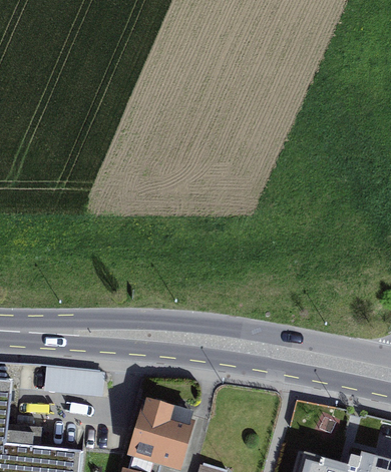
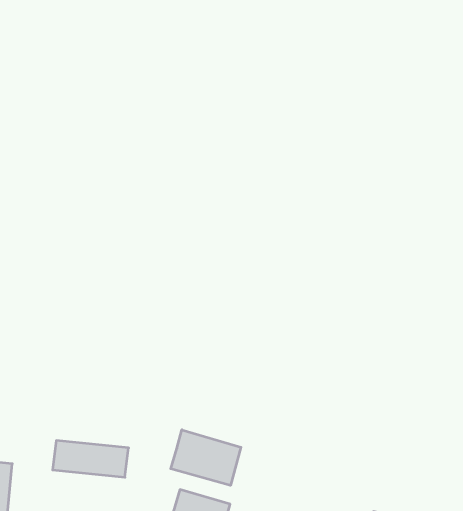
building: none -> [171,430,241,485]

